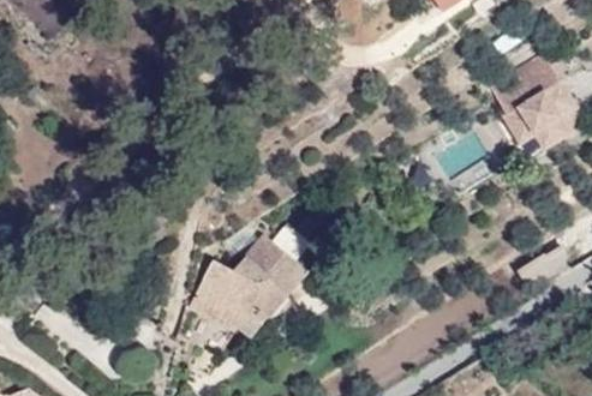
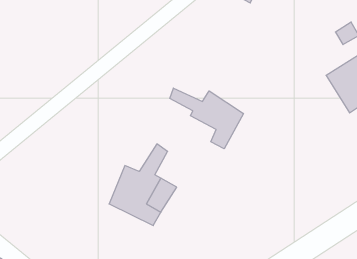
building: none -> [170,88,243,149]
building: [253,233,306,284] -> none

